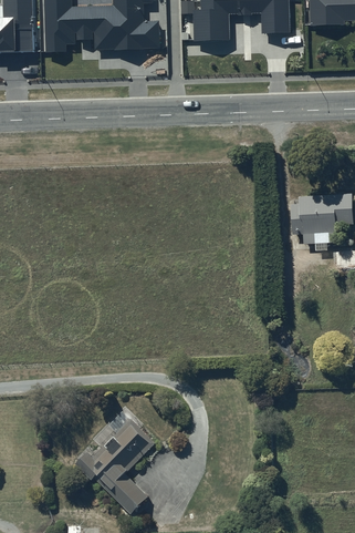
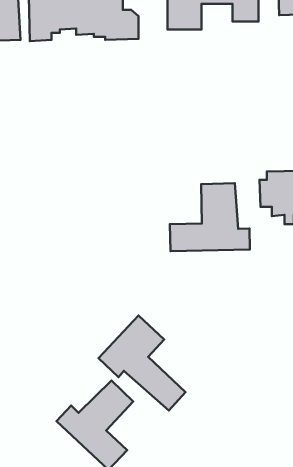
building: none -> [170,183,250,251]
building: none -> [98,315,186,410]

